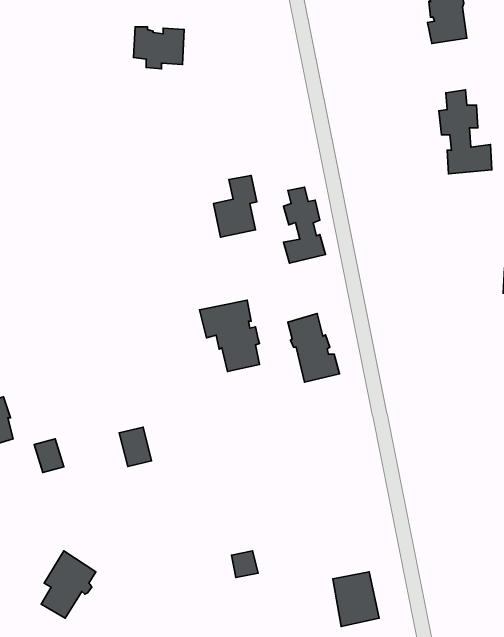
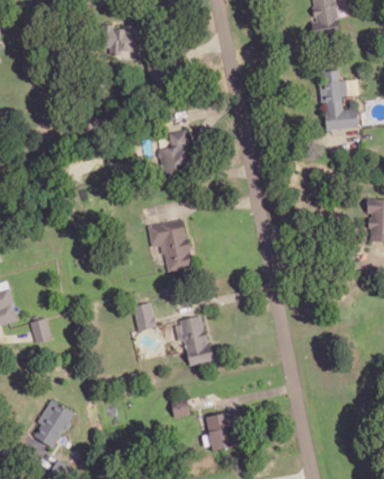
building: [283,187,325,263] -> none
building: [288,314,340,382] -> [178,316,215,365]
building: [119,427,151,466] -> [133,303,156,331]
building: [333,572,379,627] -> [206,412,239,451]

